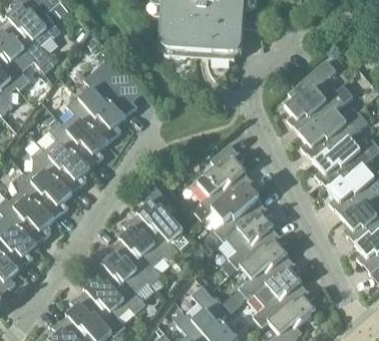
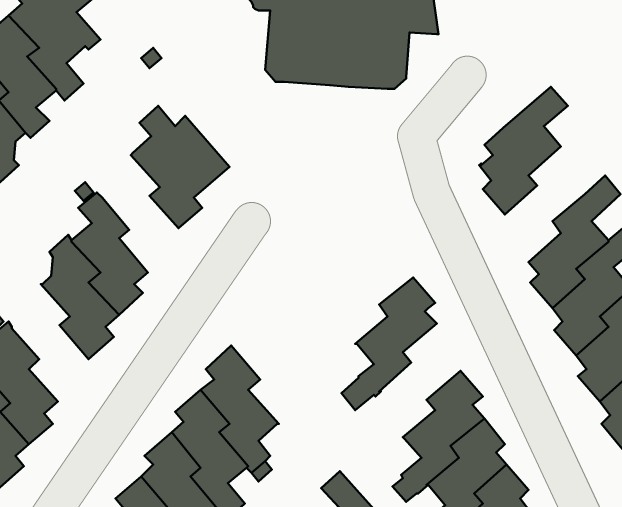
building: [299,83,352,161] -> none
building: [61,94,106,167] -> none
building: [193,141,245,220] -> none
building: [8,172,53,244] -> none
building: [137,186,187,259] -> none
building: [221,198,273,274] -> none

